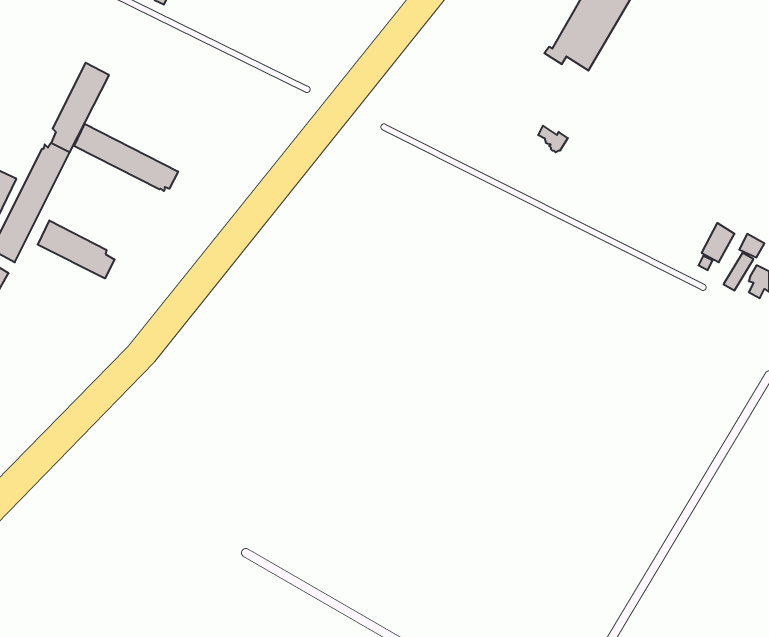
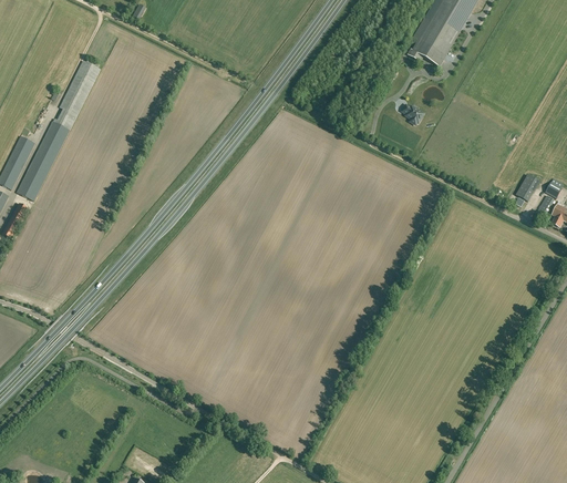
building: [74,124,178,191] -> none
building: [38,220,115,278] -> none

